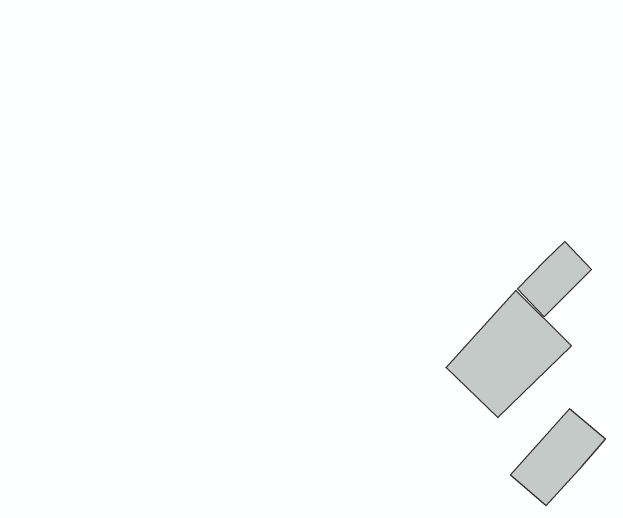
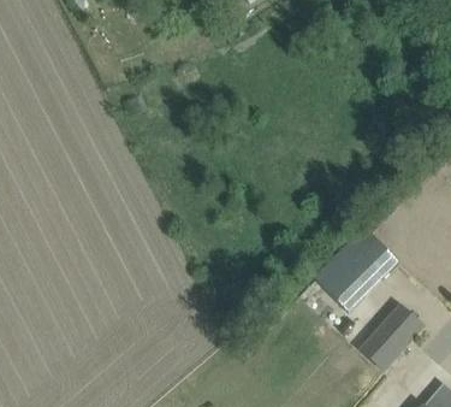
building: [518,242,591,317] -> none

